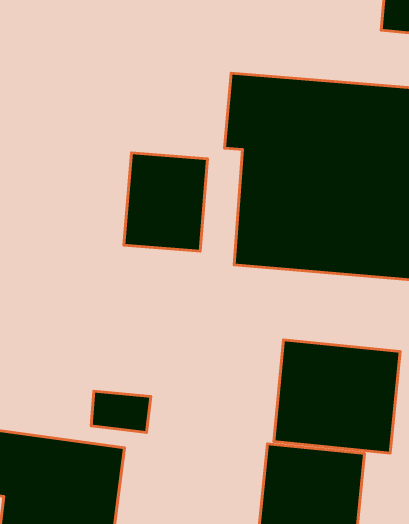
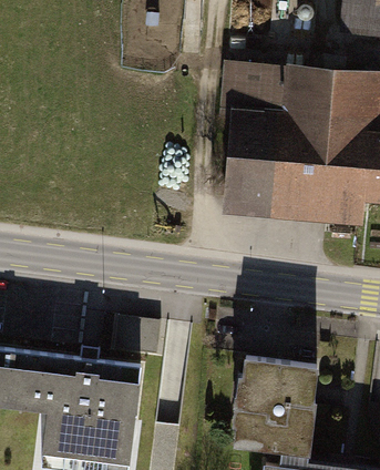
building: [124,153,208,251] -> none
building: [274,340,400,453] -> none

